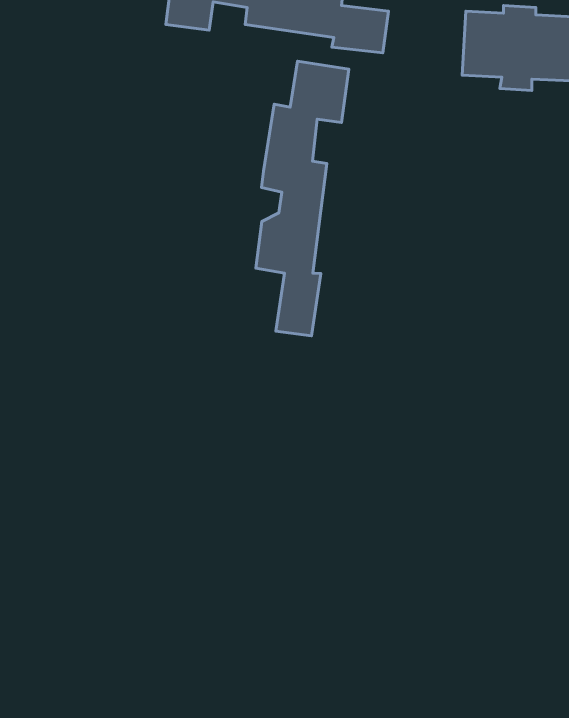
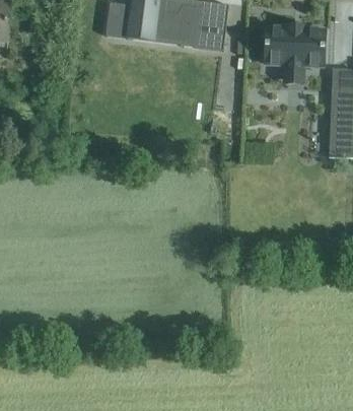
building: [256,61,349,336] -> none

